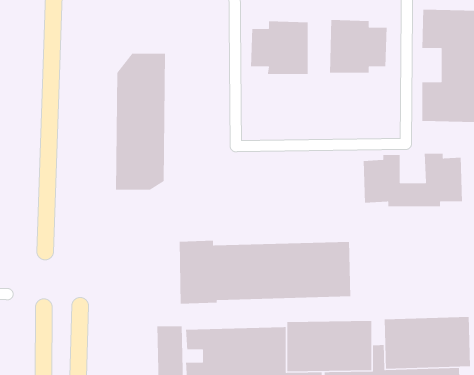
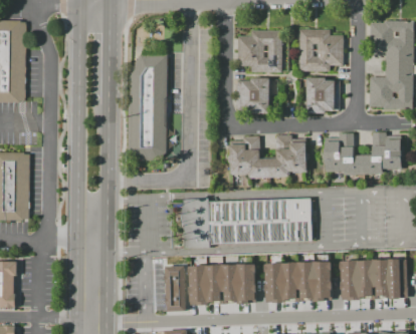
building: none -> [238,77,269,112]
building: none -> [306,77,339,111]
building: none -> [228,134,305,177]

